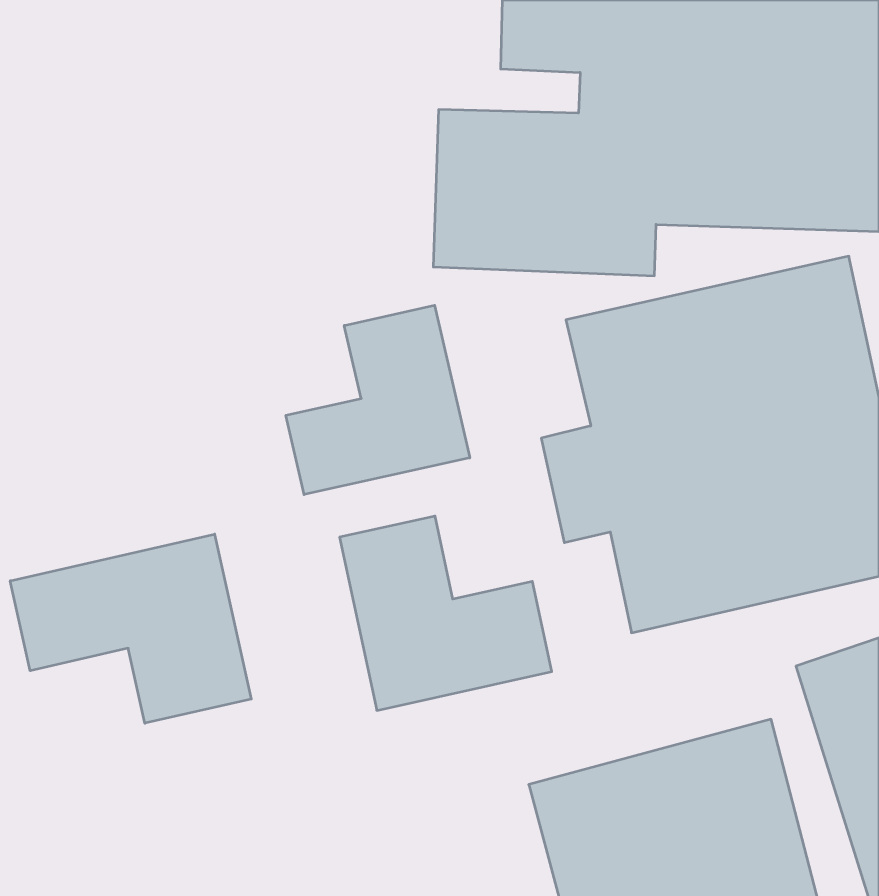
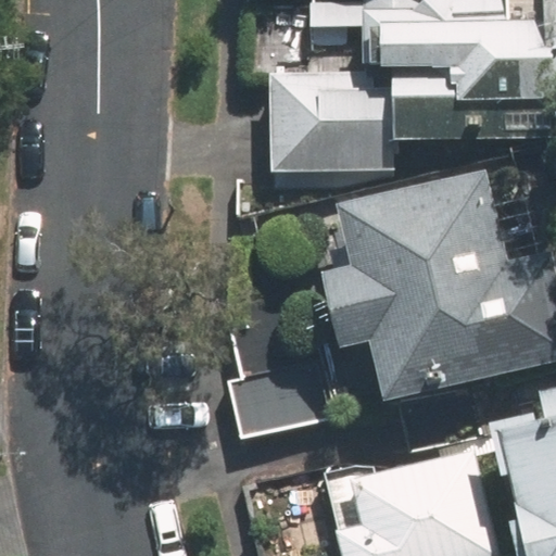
building: [286,305,470,495] -> none
building: [10,534,251,723] -> none

